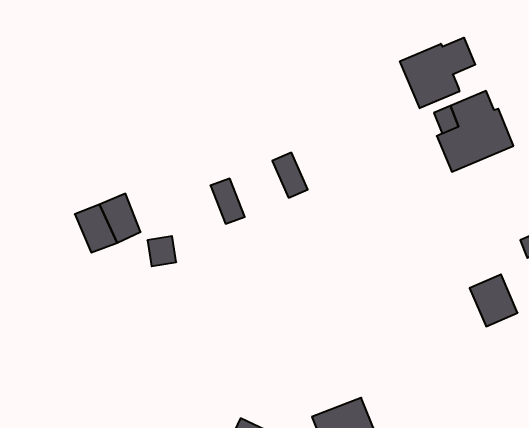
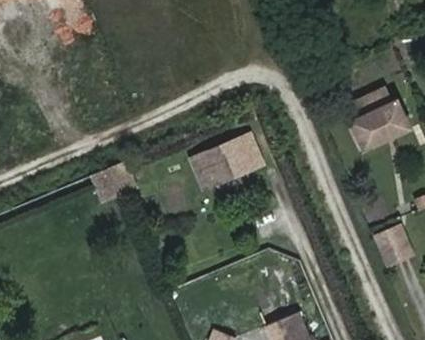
building: [400,38,475,108] -> none
building: none -> [203,140,246,181]

